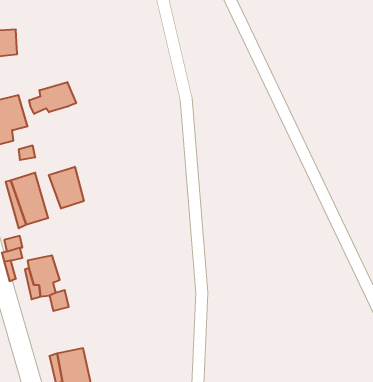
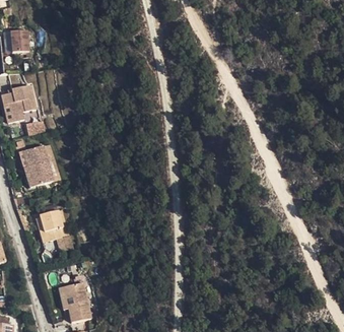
building: [29,82,76,114] -> none
building: [49,167,84,209] -> none

